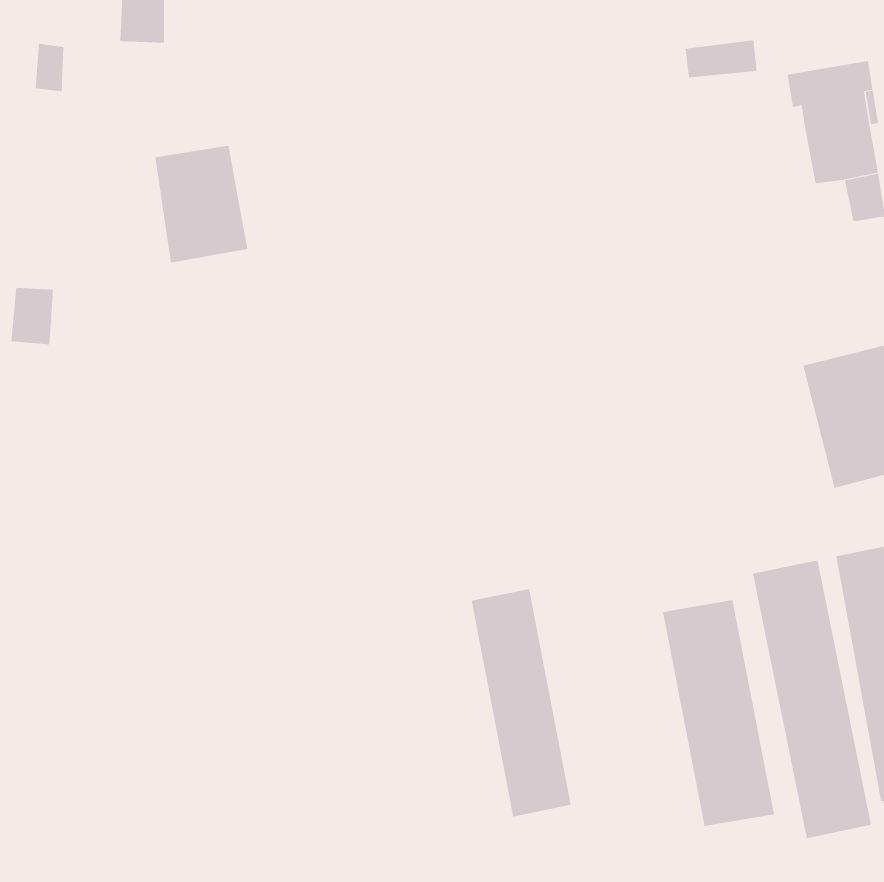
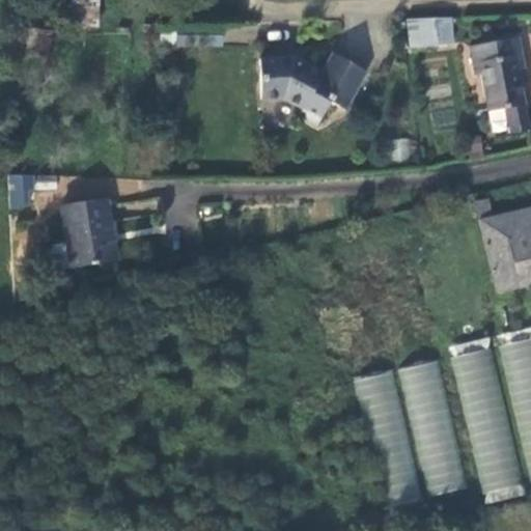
building: none -> [261,54,369,125]
building: [155,145,248,263] -> [63,197,119,268]
building: [471,588,571,817] -> [359,368,419,505]

